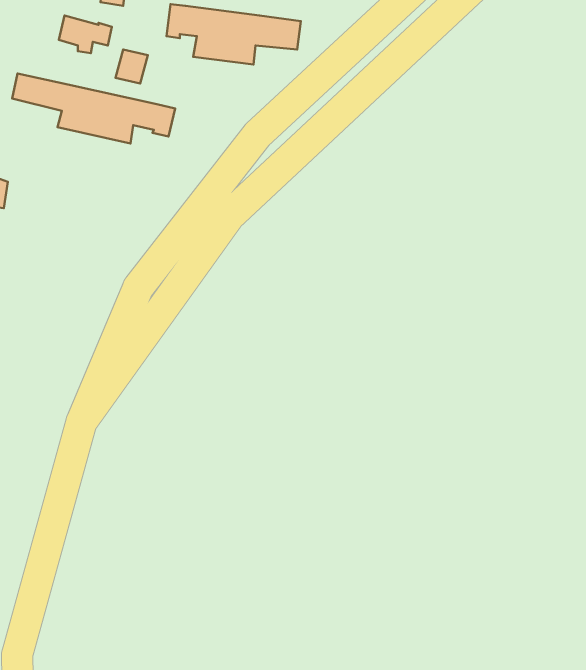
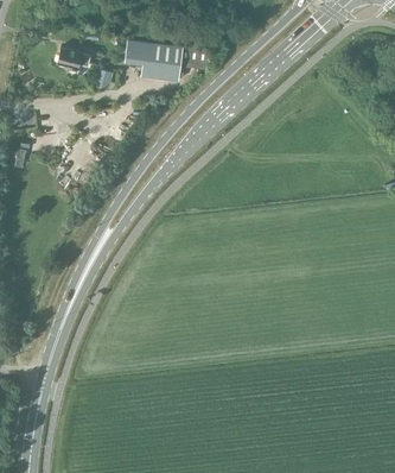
building: [12,74,175,144] -> none

